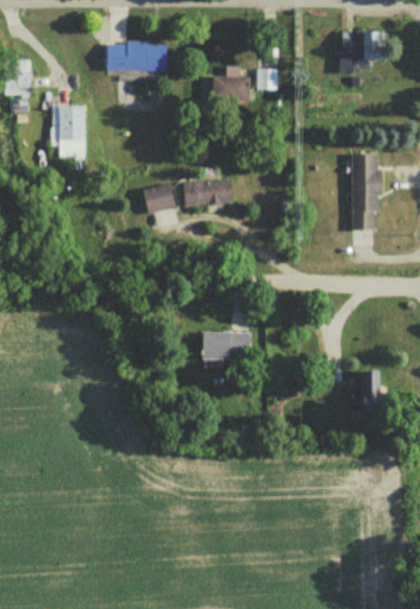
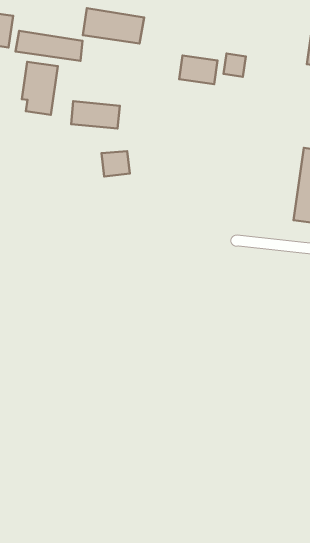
building: none -> [15,31,83,61]
building: [183,178,233,205] -> [71,101,120,128]
building: [201,332,247,359] -> none
building: [356,370,382,412] -> none

